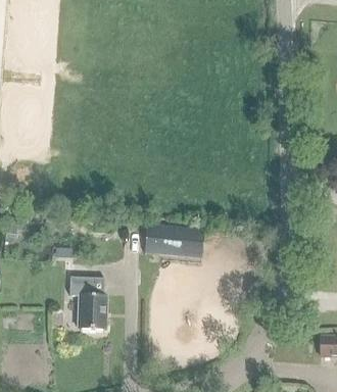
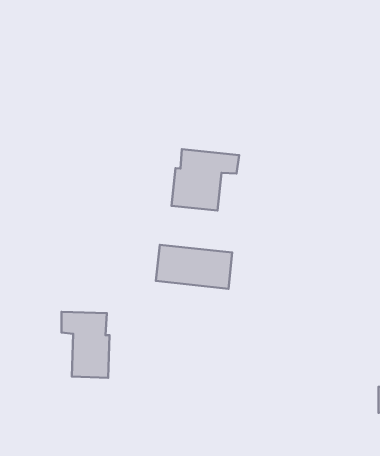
building: none -> [172,149,239,211]

